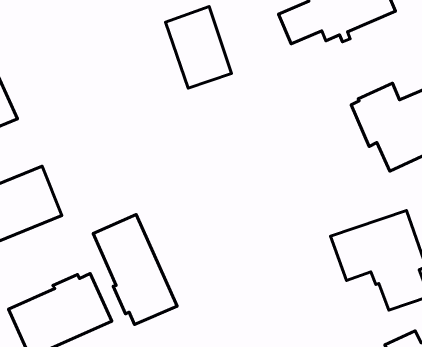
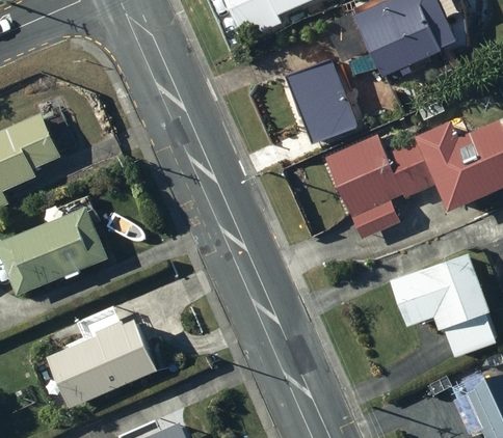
building: [166,6,232,88] -> [286,57,355,143]
building: none -> [323,133,431,238]
building: [93,214,177,325] -> none

